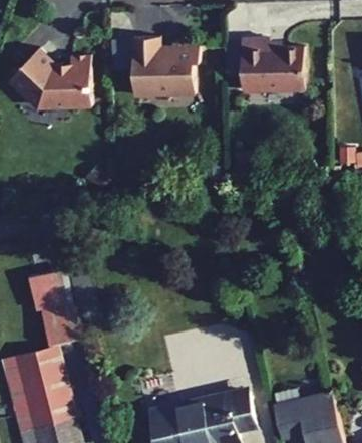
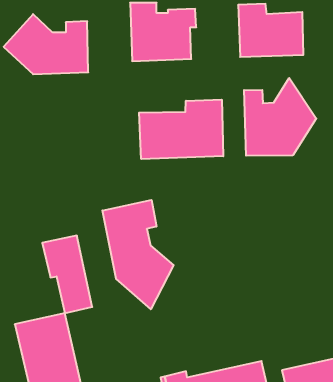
building: none -> [244,78,316,156]
building: none -> [139,100,223,159]
building: none -> [102,200,174,309]

